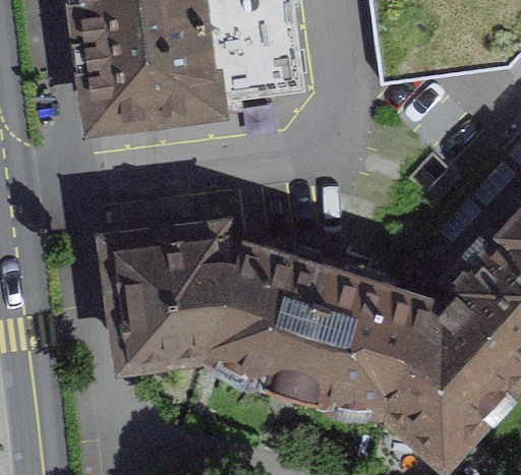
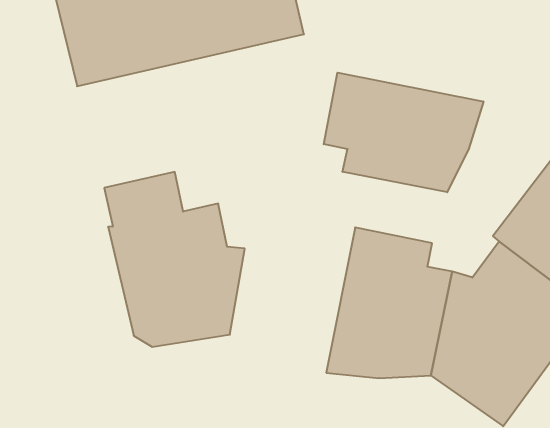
building: none -> [324,73,483,192]
building: [210,252,329,398] -> none

